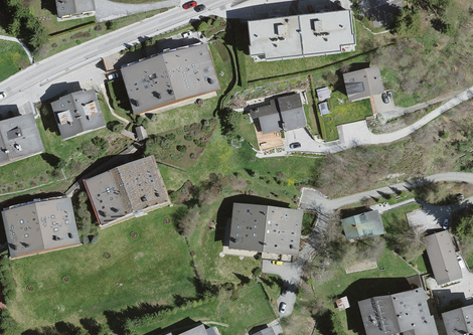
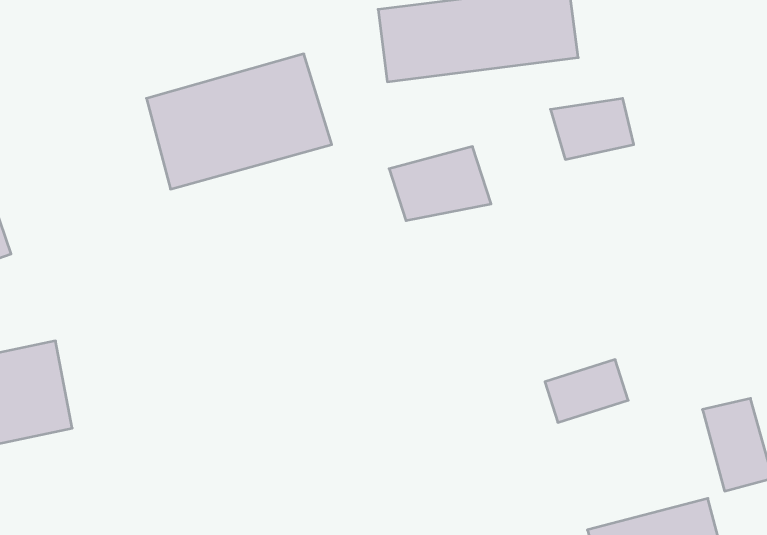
building: [49,87,105,143] -> none
building: [81,156,168,226] -> none
building: [227,203,302,257] -> none

